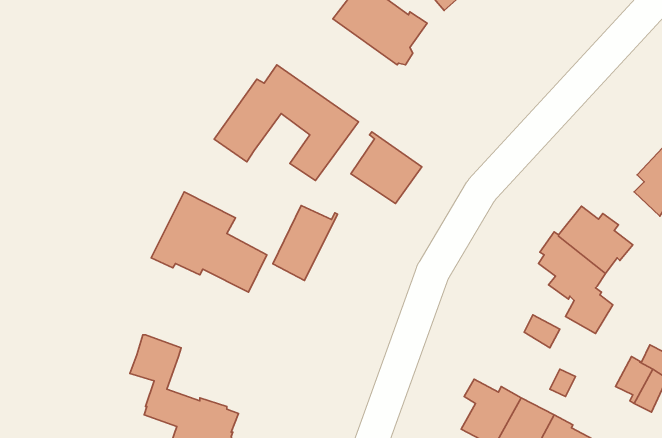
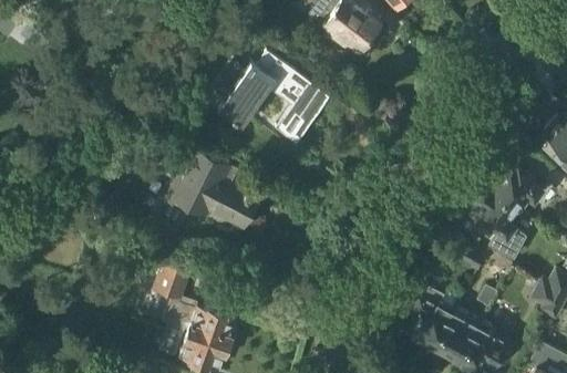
building: [351,132,422,204] -> none
building: [273,205,338,280] -> none

